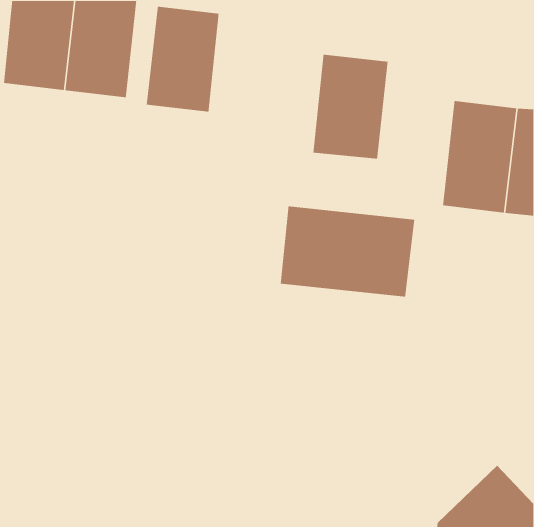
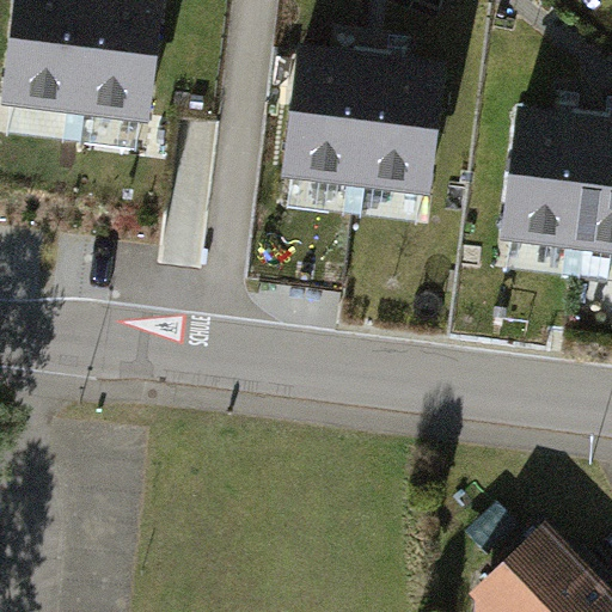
building: [146,6,220,112] -> [282,67,366,188]
building: [280,205,415,297] -> none

